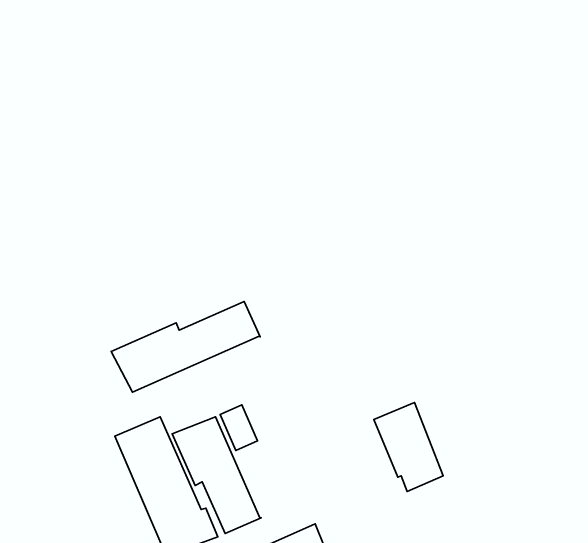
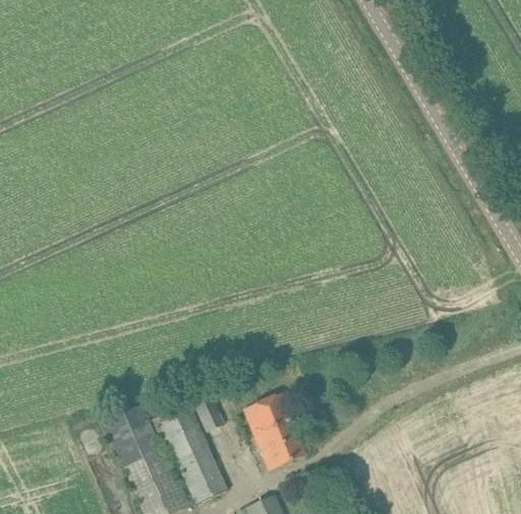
building: [111,302,260,392] -> none
building: [374,403,443,491] -> [246,393,305,468]

